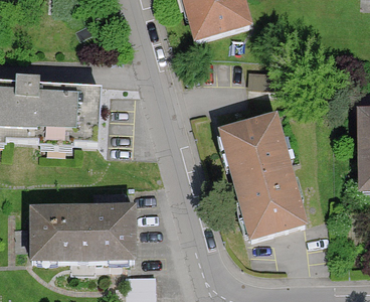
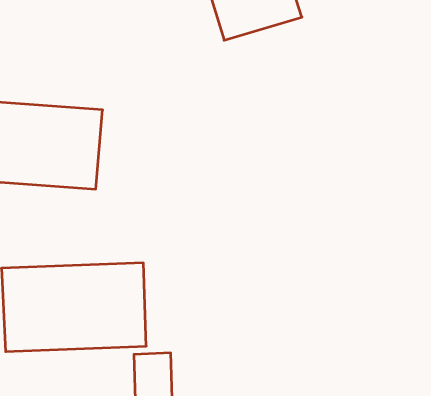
building: [217,113,309,234] -> none

